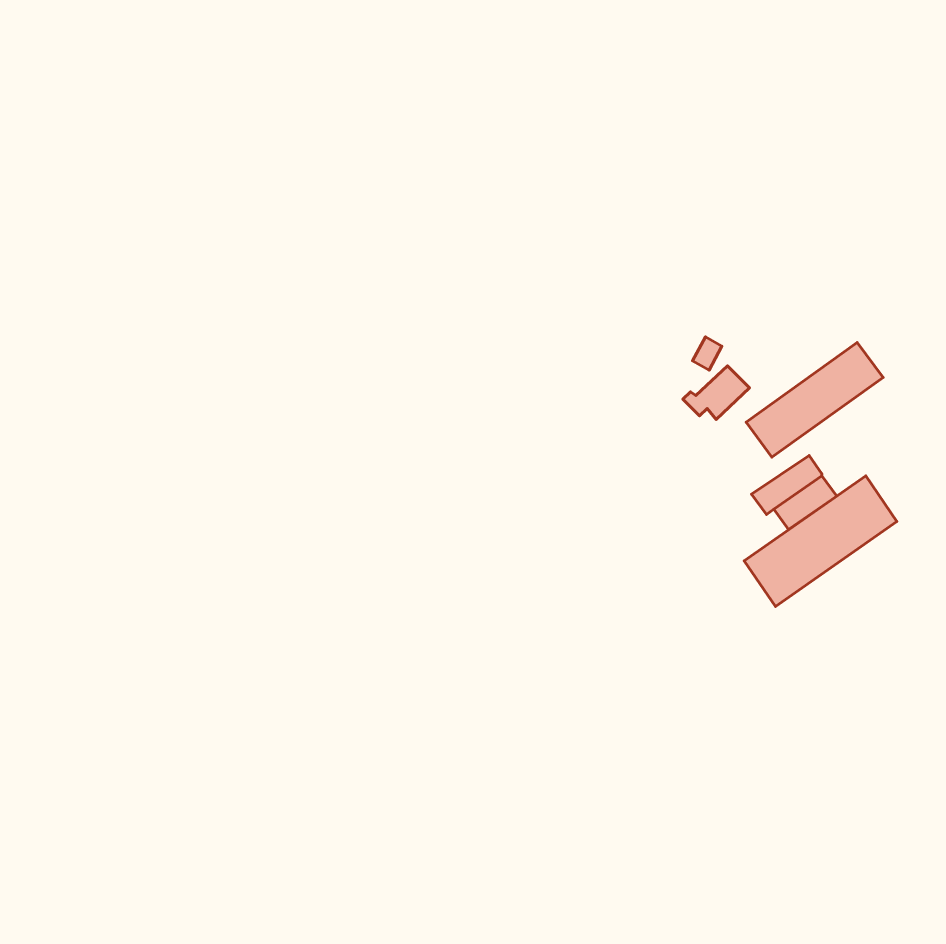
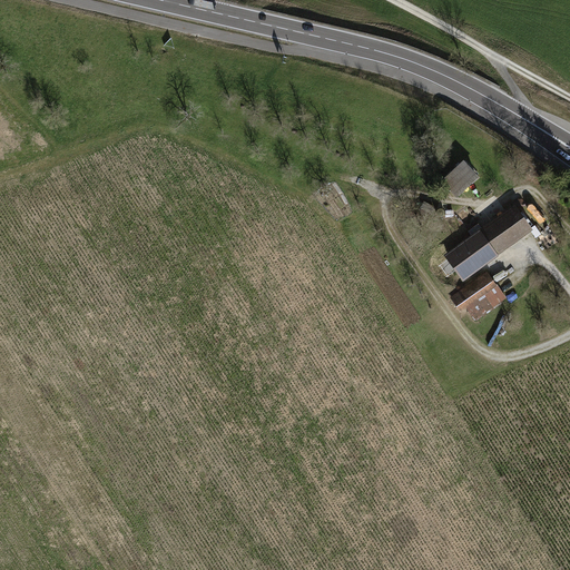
building: [683,366,750,419] -> [436,164,476,196]
building: [744,476,897,606] -> none

